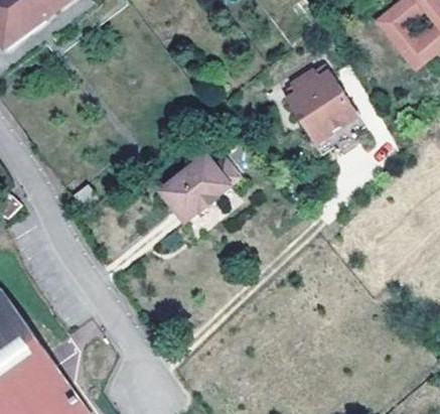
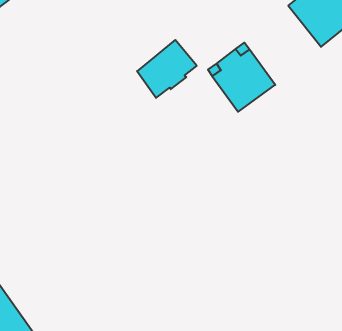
building: [160,156,230,224] -> [137,40,197,98]

